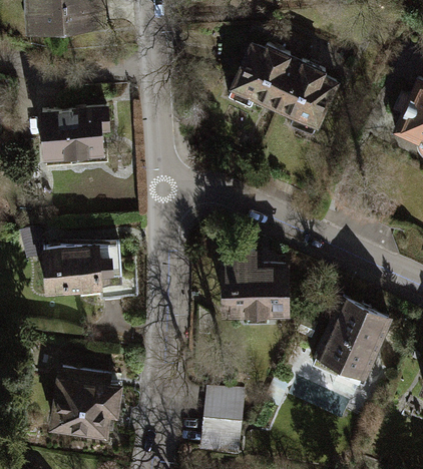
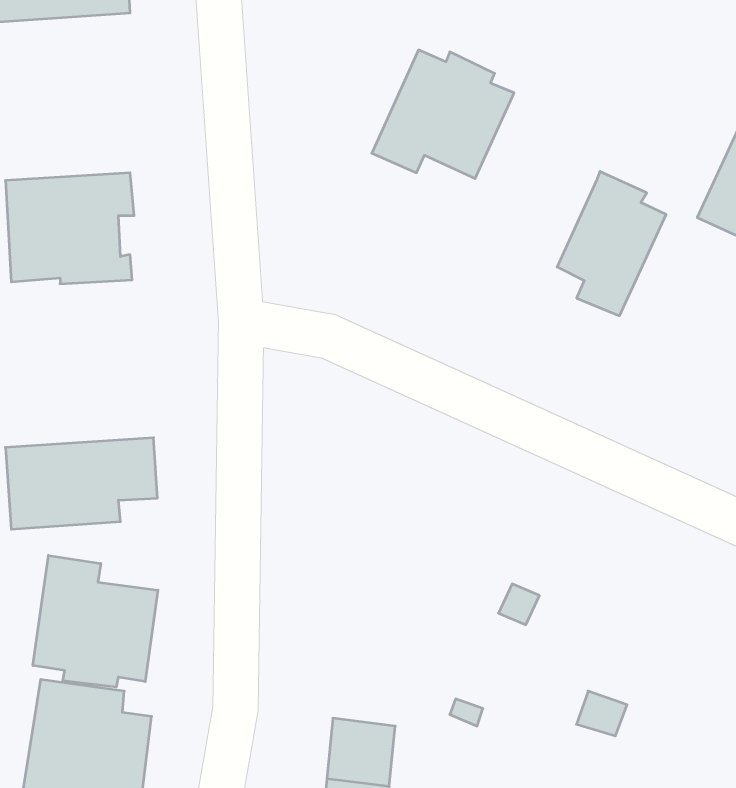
building: [283,61,339,135] -> [557,171,666,316]
building: [224,252,285,320] -> none
building: [313,296,388,373] -> none
building: none -> [33,555,158,687]

